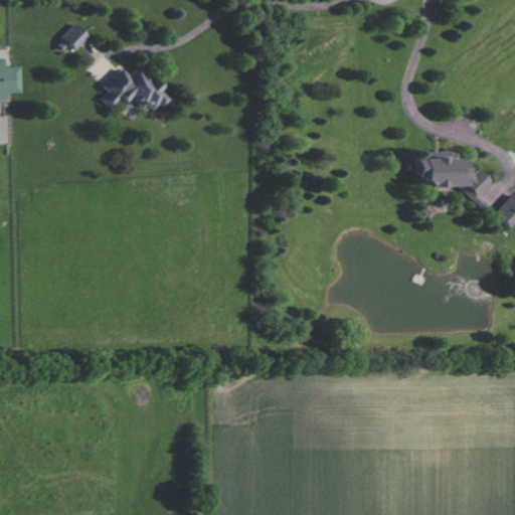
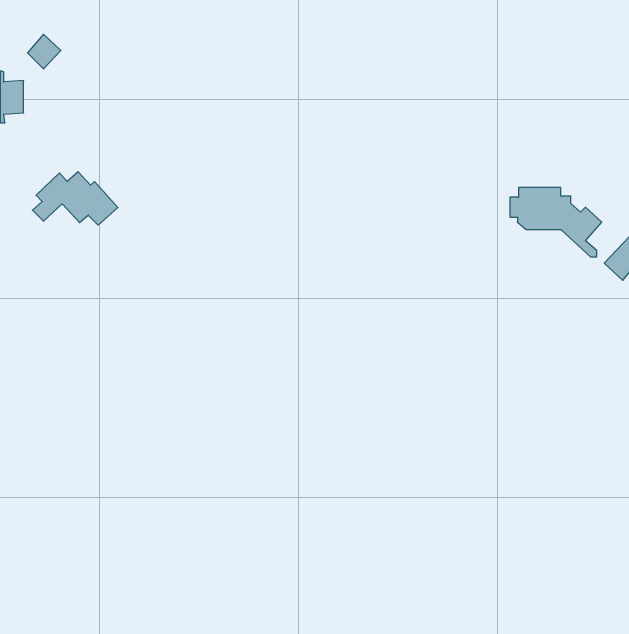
building: [63,22,91,50] -> [27,34,61,69]
building: [102,67,171,111] -> [32,172,118,225]

